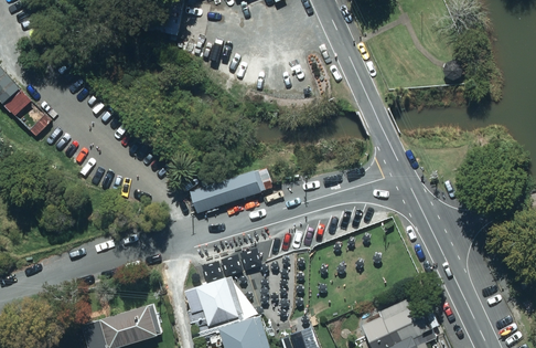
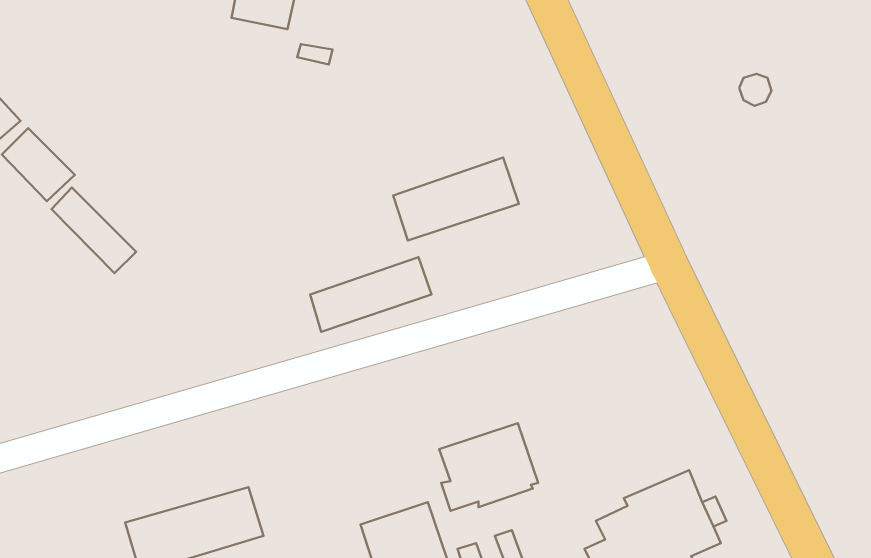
building: none -> [393,157,519,241]
building: none -> [51,187,136,273]
building: [184,277,243,329] -> [439,423,538,511]

